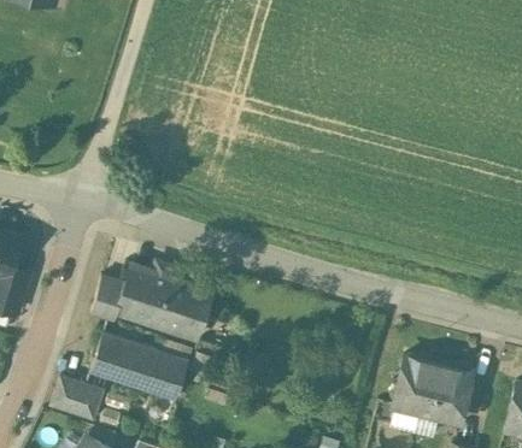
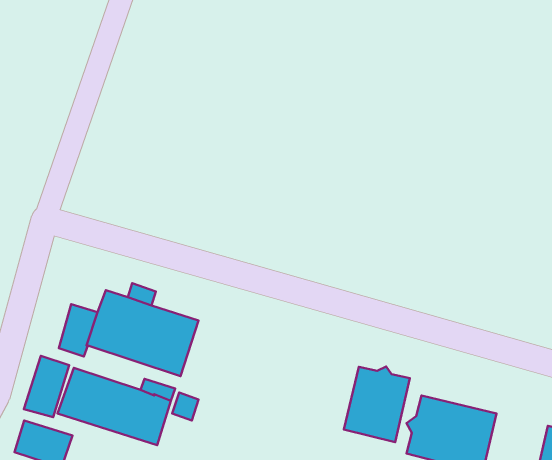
building: none -> [24,356,69,417]
building: none -> [344,366,410,442]

